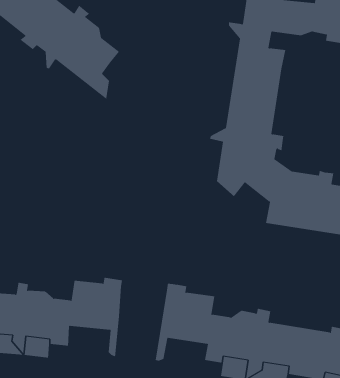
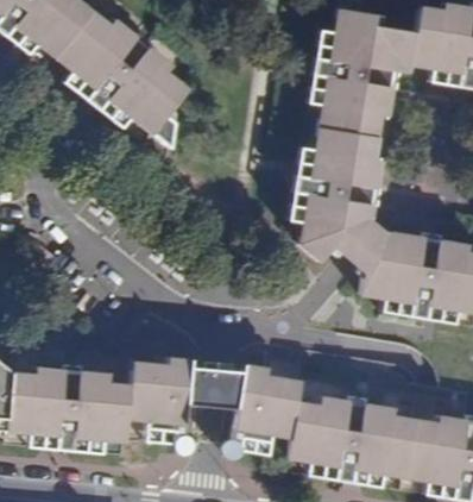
building: none -> [187,368,241,409]

